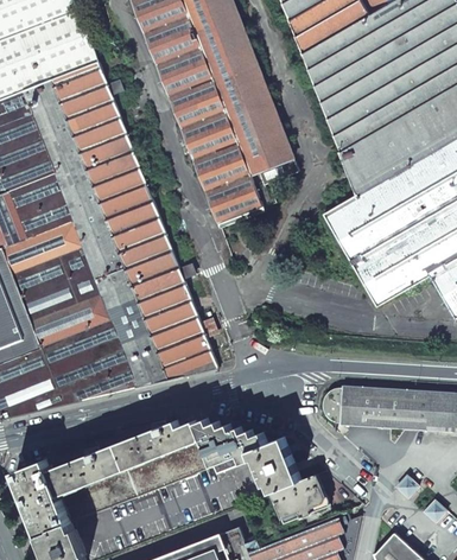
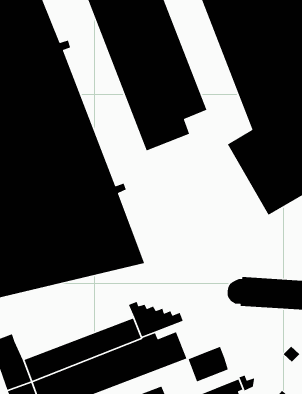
building: [49,420,202,494] -> none
building: [230,437,299,492] -> none

